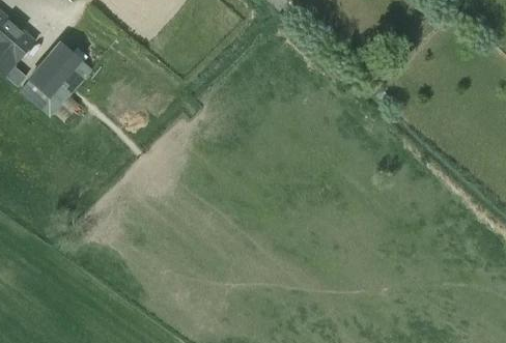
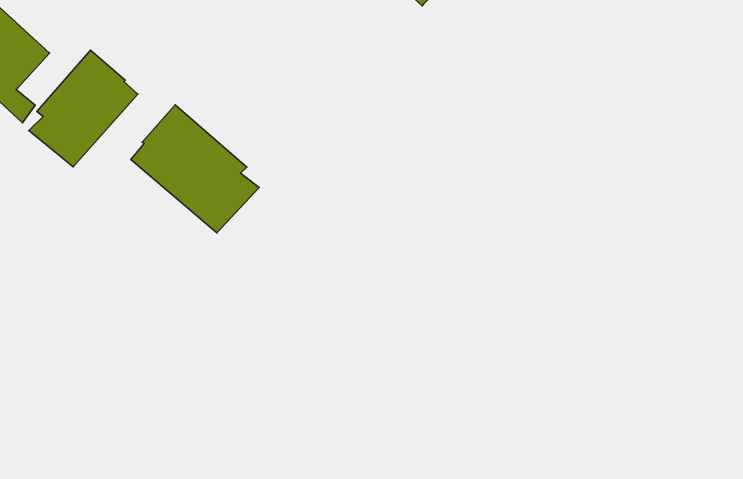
building: none -> [131,105,259,233]

